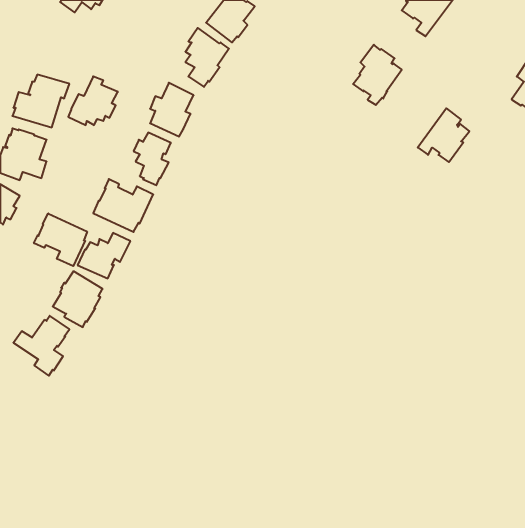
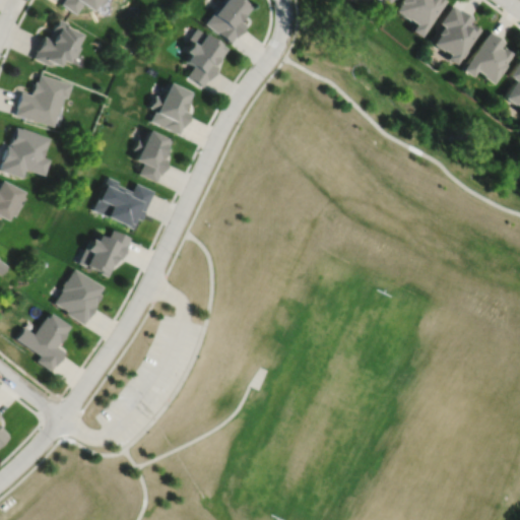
building: [353,45,402,105] -> [434,5,481,64]
building: [68,76,118,125] -> [35,18,83,66]
building: [418,108,469,162] -> [463,31,514,84]
building: [34,213,87,266] -> none

